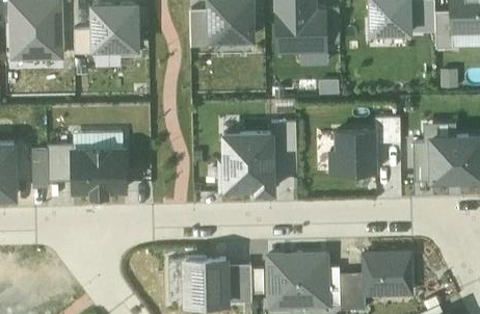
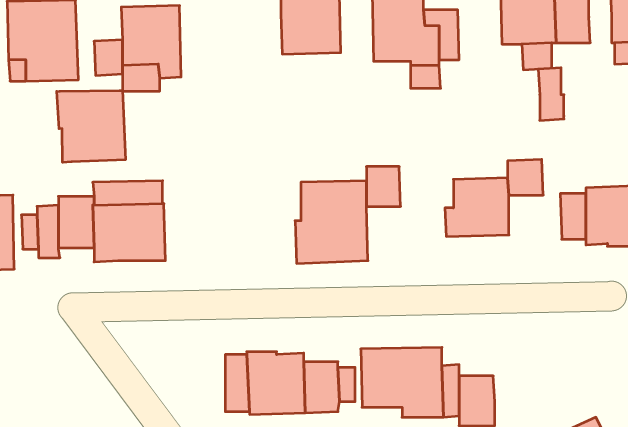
building: [189,11,210,50] -> none
building: [433,12,452,51] -> [538,68,564,120]
building: none -> [57,90,125,162]
building: [364,253,410,294] -> none

